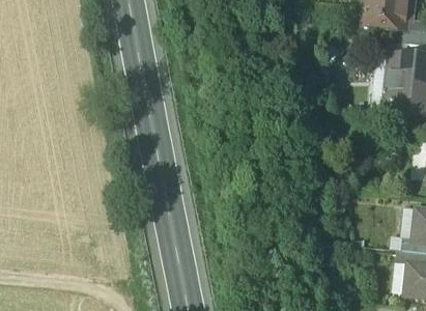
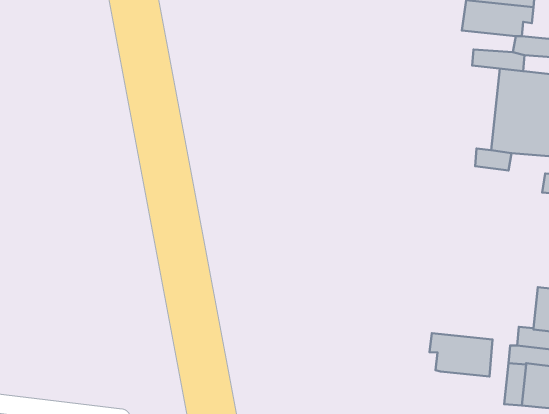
building: none -> [430,333,492,377]

